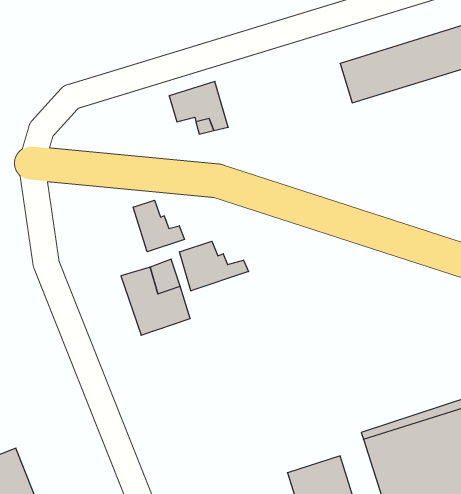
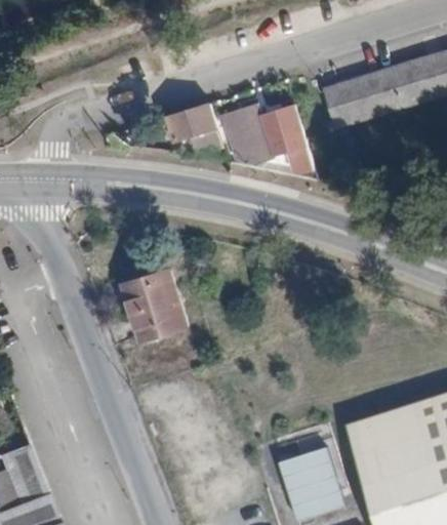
building: none -> [222,102,314,173]
building: [133,200,185,252] -> none
building: [179,241,249,291] -> none

